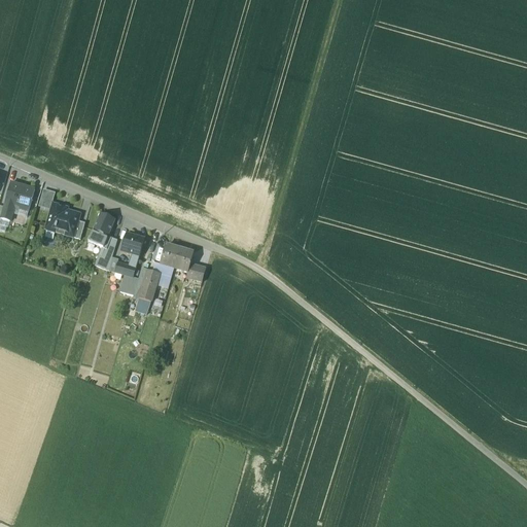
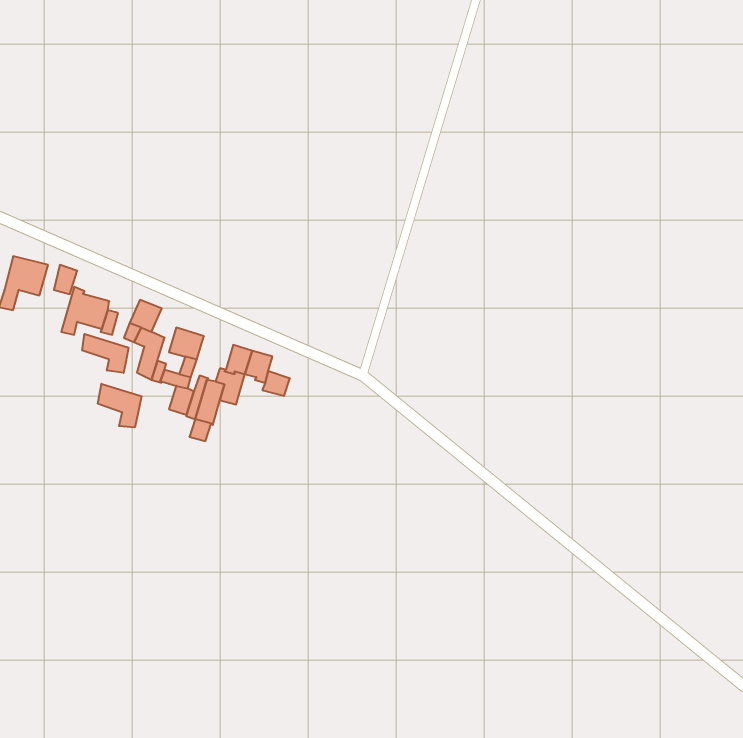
building: none -> [82,334,128,373]
building: none -> [98,384,142,427]

